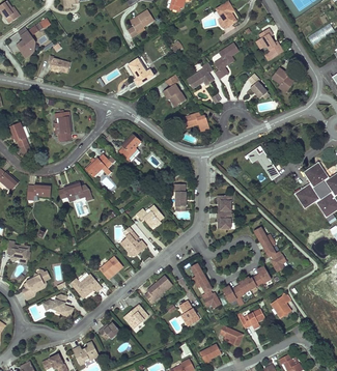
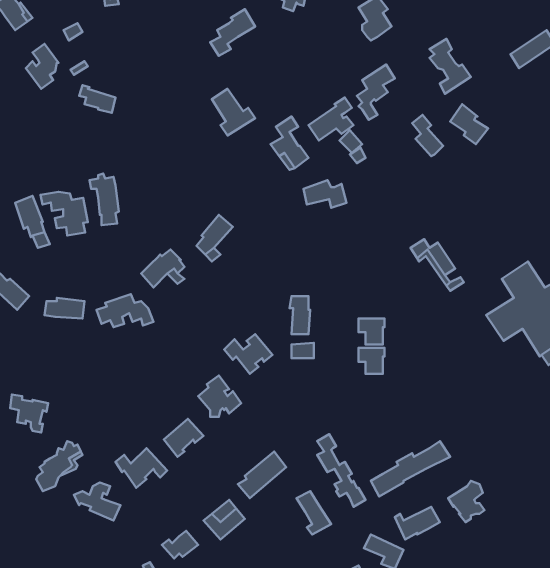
building: none -> [40,192,88,236]
building: [256,227,286,272] -> none

